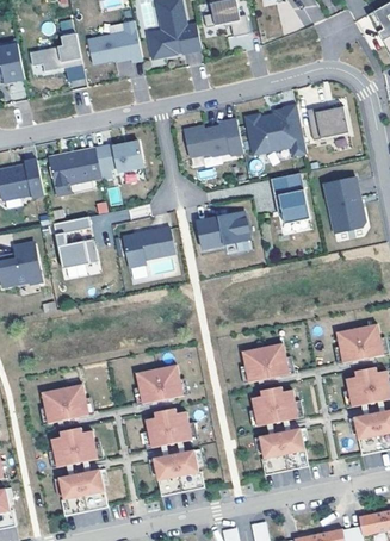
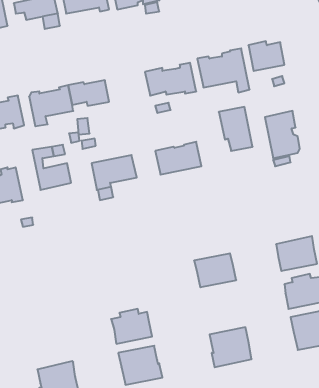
building: [135,365,184,404] -> none
building: [41,384,88,423] -> none
building: [250,386,298,427] -> none
building: [50,427,98,467] -> none

